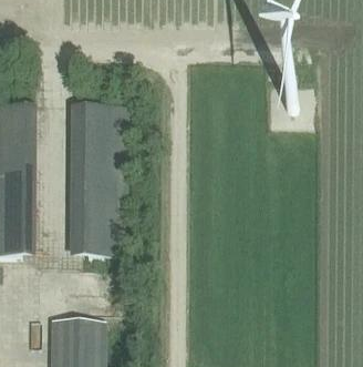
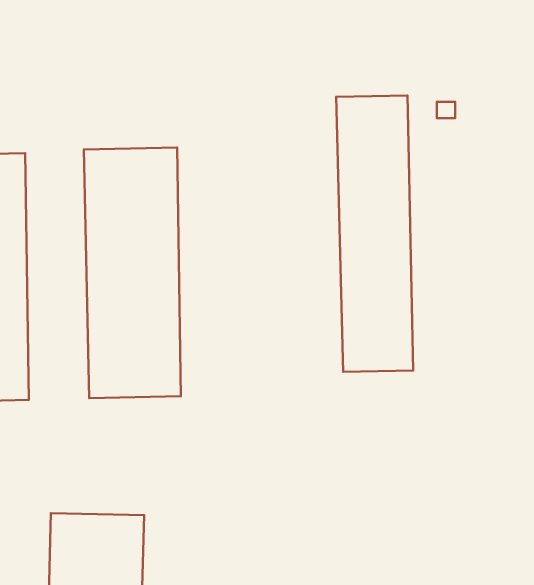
building: none -> [336,95,413,372]

